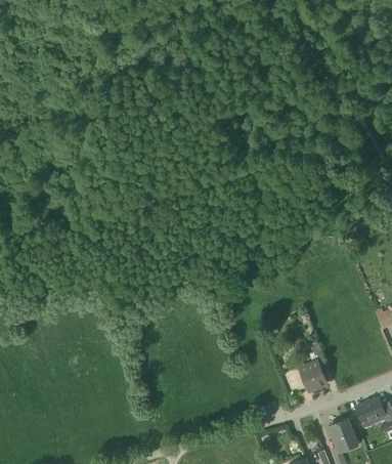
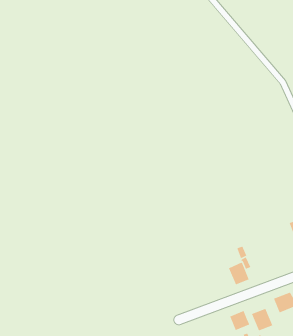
building: none -> [230,310,250,331]

